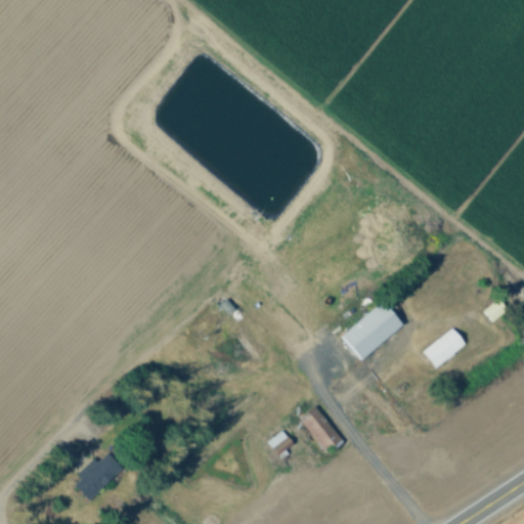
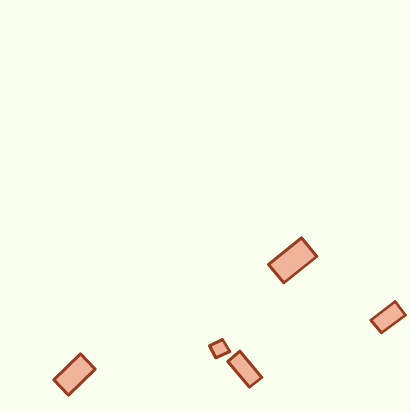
building: [422,328,466,367] -> [371,302,406,333]
building: [299,406,342,452] -> [228,351,262,387]

